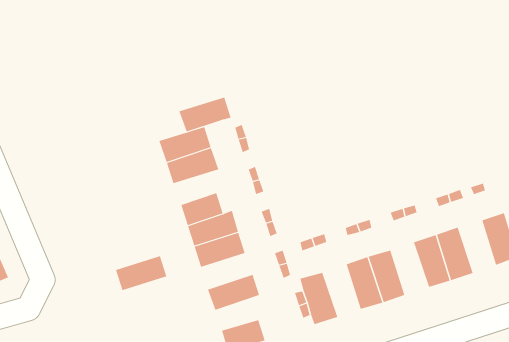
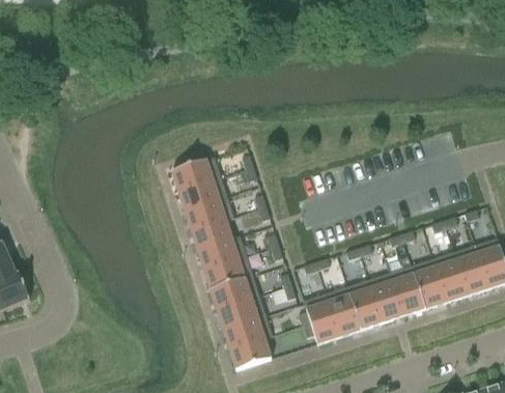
building: [179,97,231,132] -> [184,197,233,230]
building: none -> [452,245,487,294]
building: none -> [389,265,424,315]
building: [115,256,167,291] -> [209,276,258,309]
building: none -> [325,286,360,336]
building: none -> [223,315,272,348]

